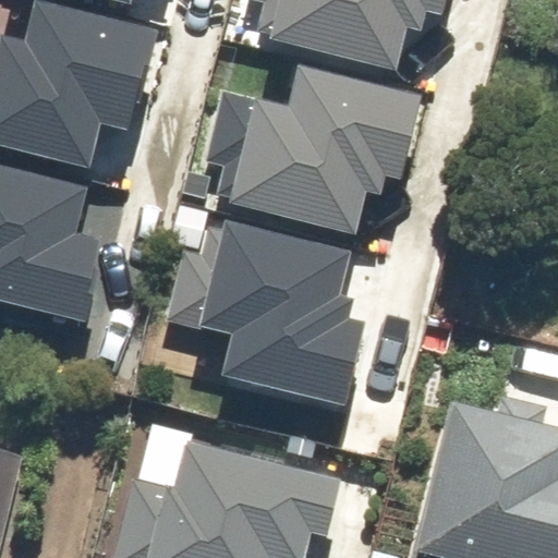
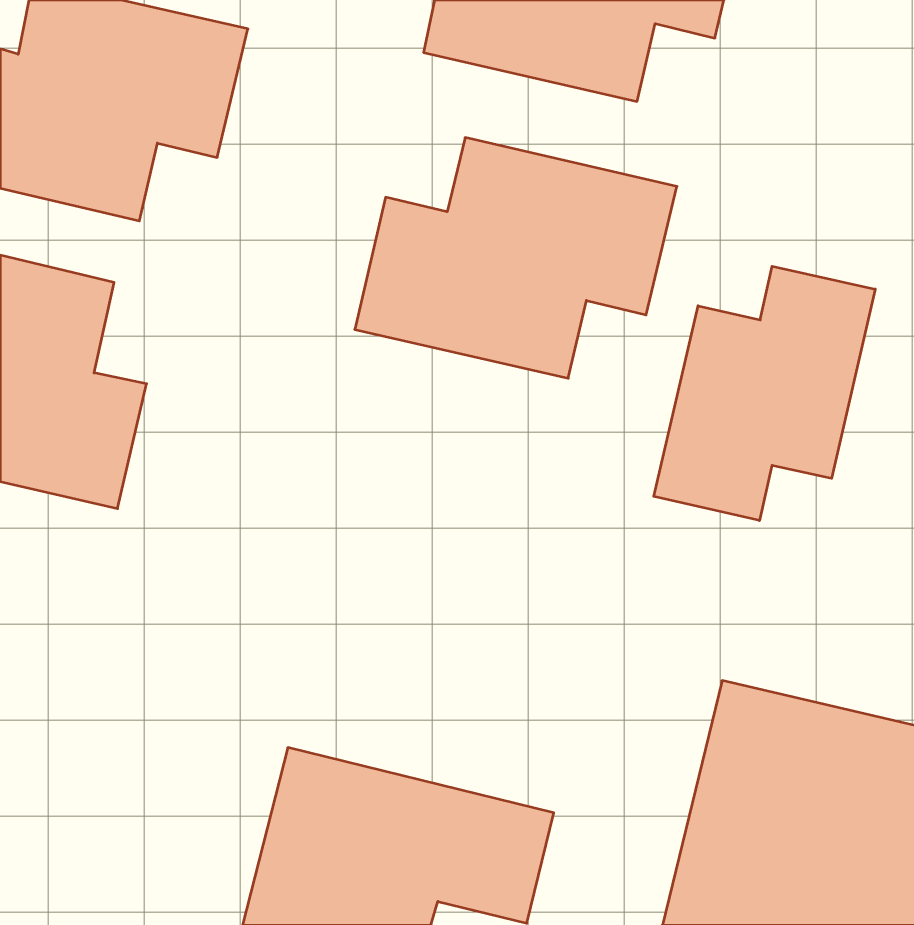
building: none -> [654,266,875,521]
building: [172,232,365,401] -> none

